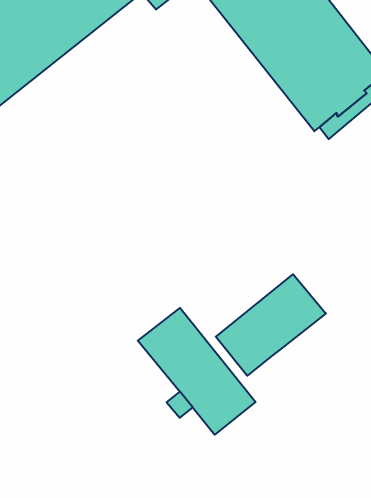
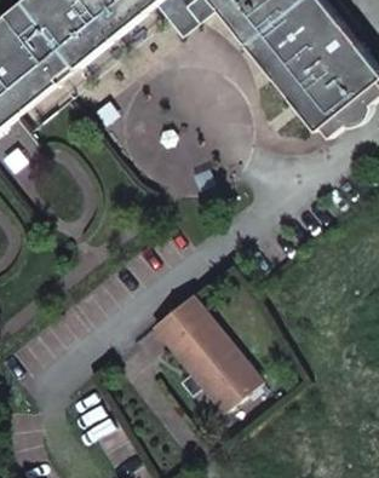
building: [216,274,326,376] -> none

